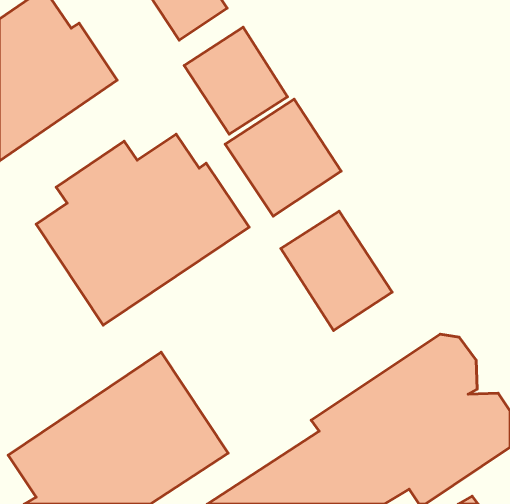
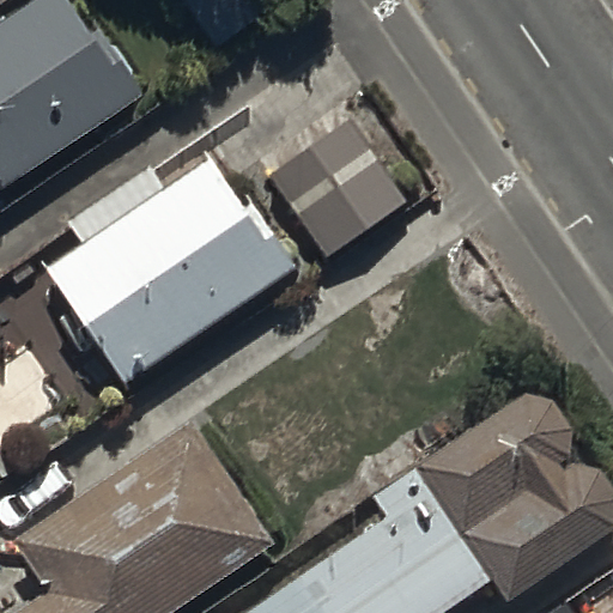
building: [184,27,288,134] -> none
building: [281,211,392,330] -> none

